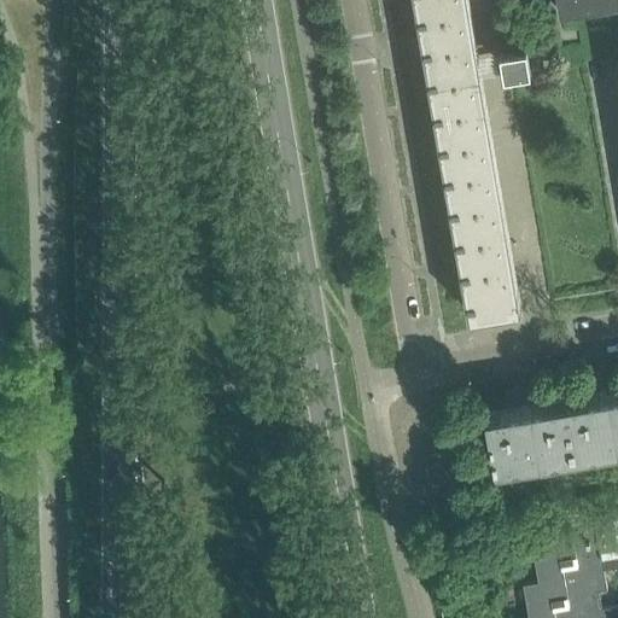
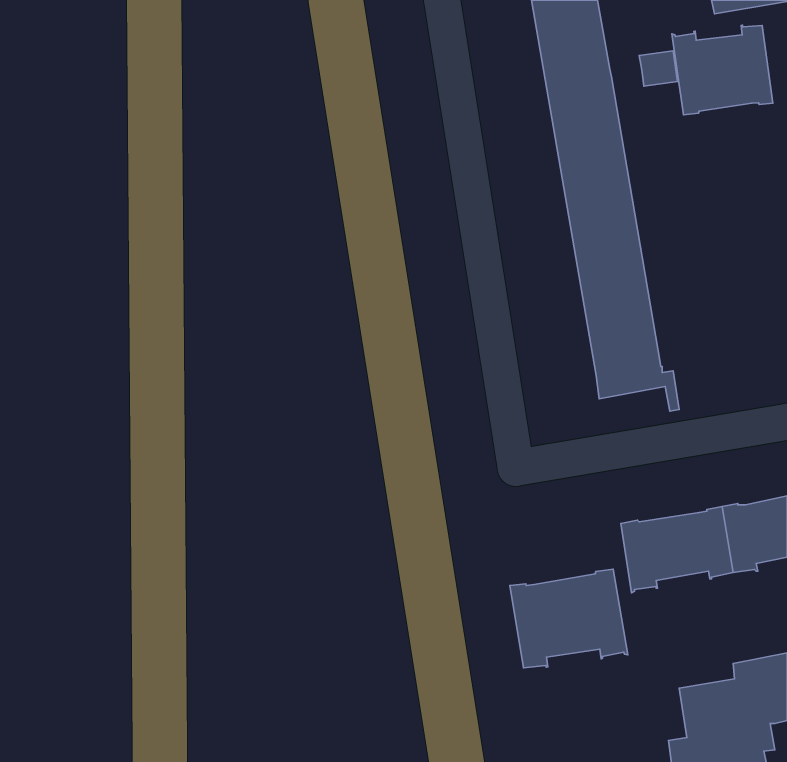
building: none -> [672,25,773,115]
building: none -> [510,569,628,668]

